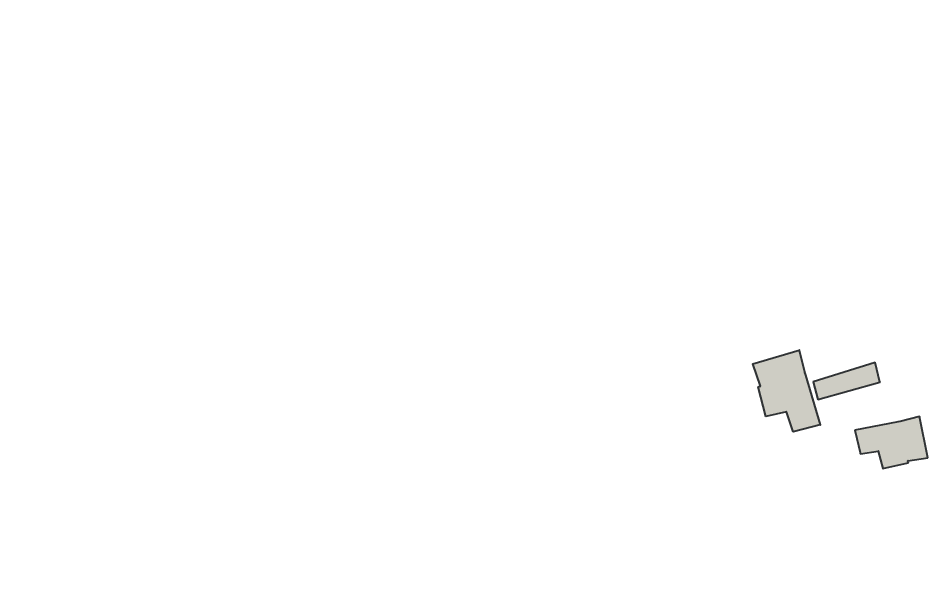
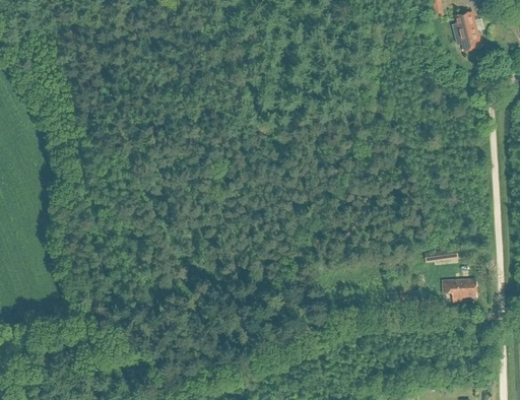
building: [753,350,820,432] -> none

